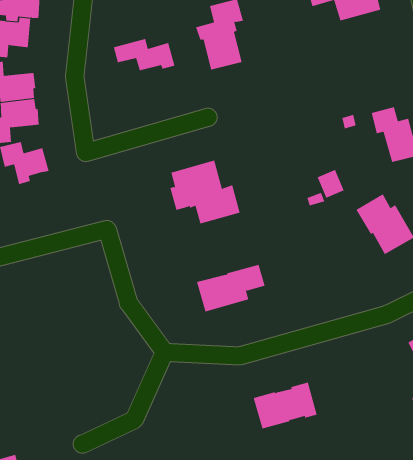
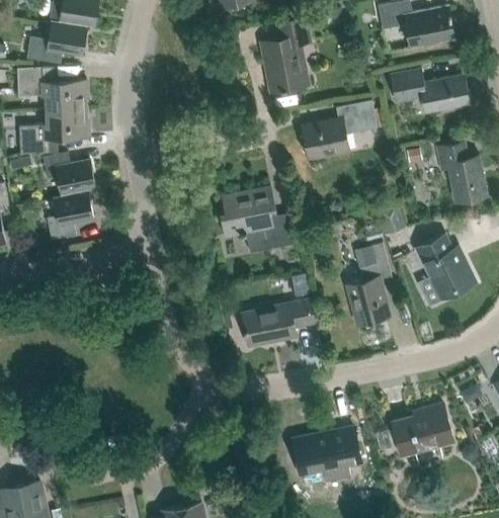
building: [113,38,175,71] -> none
building: none -> [391,69,468,112]
building: none -> [303,100,378,159]
building: none -> [48,187,93,240]
building: none -> [347,243,392,324]
building: none -> [392,405,453,455]

